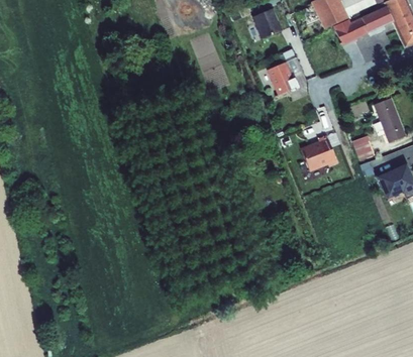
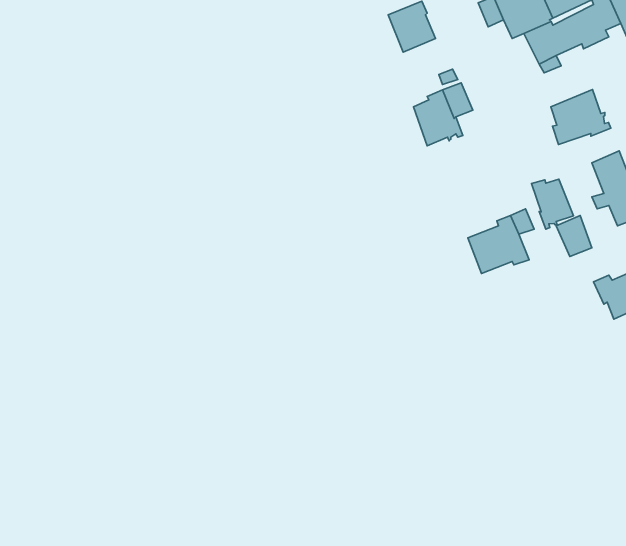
building: none -> [551,90,611,145]
building: none -> [532,179,573,229]

